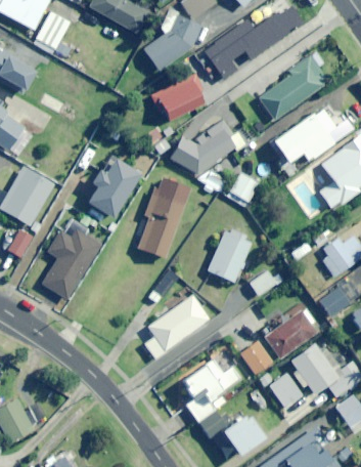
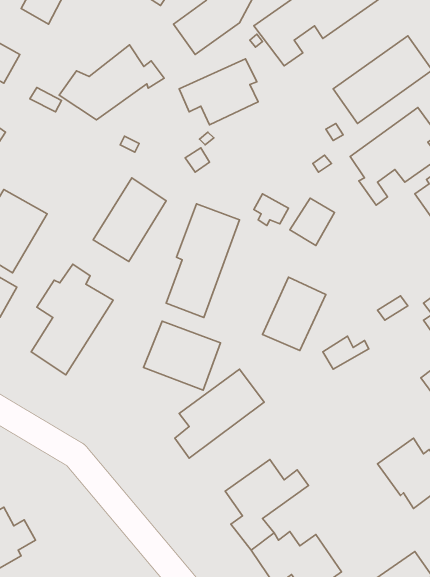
building: [172,120,246,173] -> [59,45,164,120]
building: none -> [144,321,221,390]
building: [266,308,317,357] -> none
building: [241,341,272,374] -> none
building: [269,373,303,408] -> none

